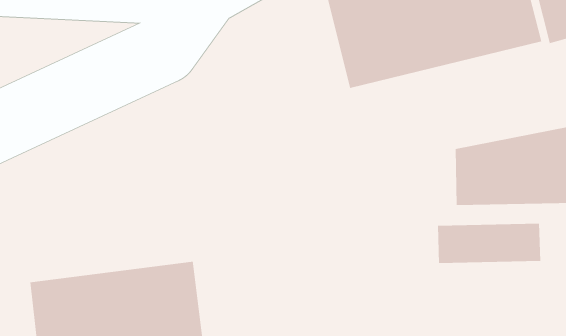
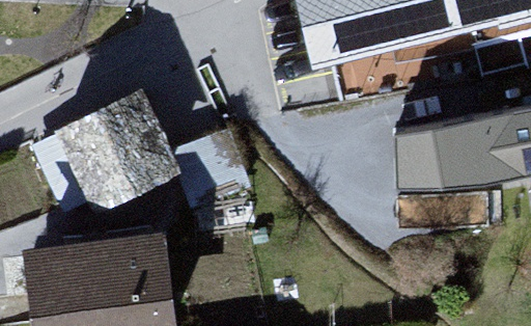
building: none -> [48,92,181,225]

